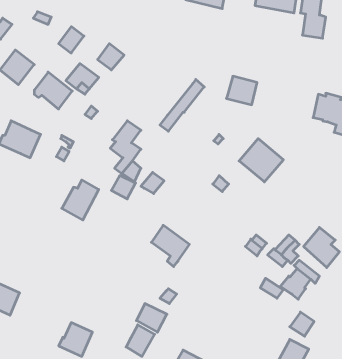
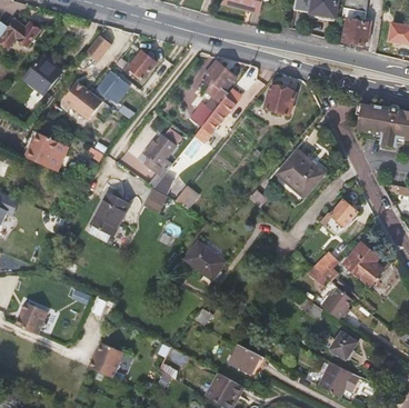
building: none -> [189,61,236,126]
building: none -> [320,199,357,235]
building: [136,304,167,332] -> [228,345,260,375]

